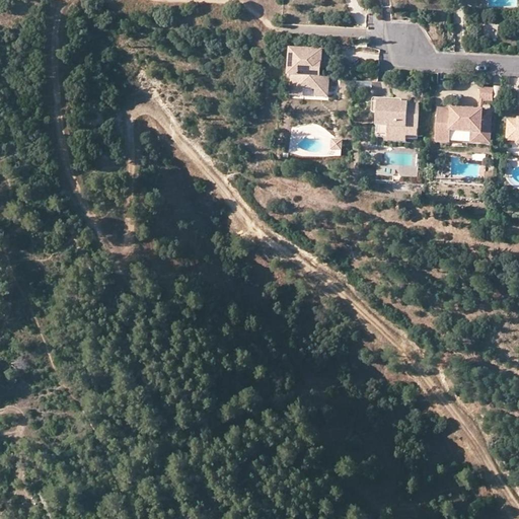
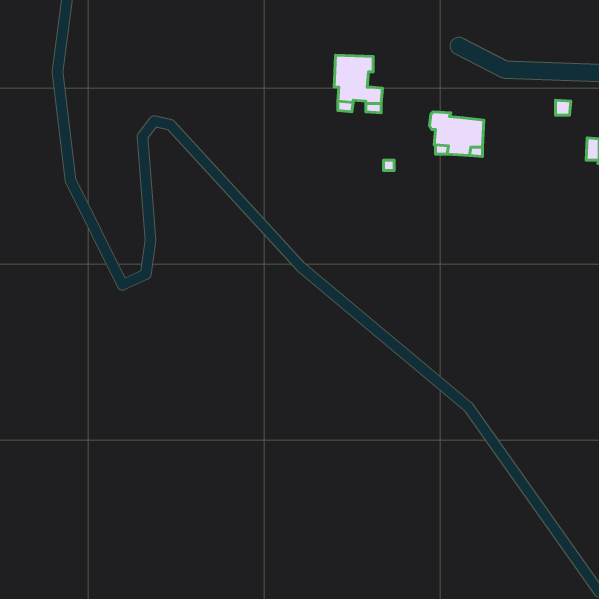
building: [434,106,490,143] -> none

